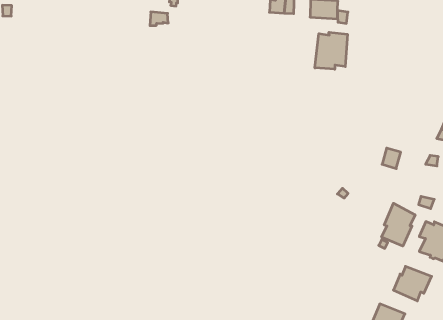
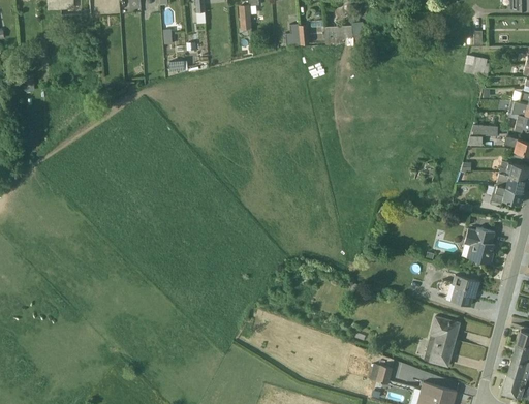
building: [315,32,347,69] -> none
building: [382,203,415,246] -> none

